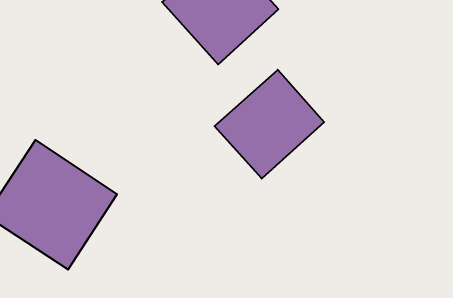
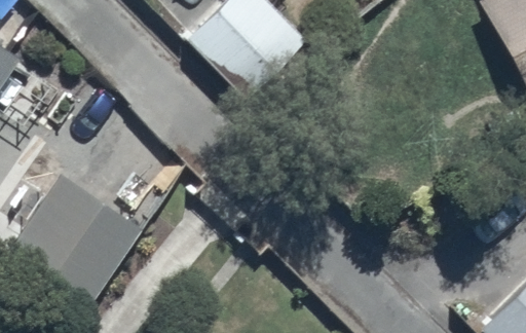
building: [215,70,324,179] -> none

